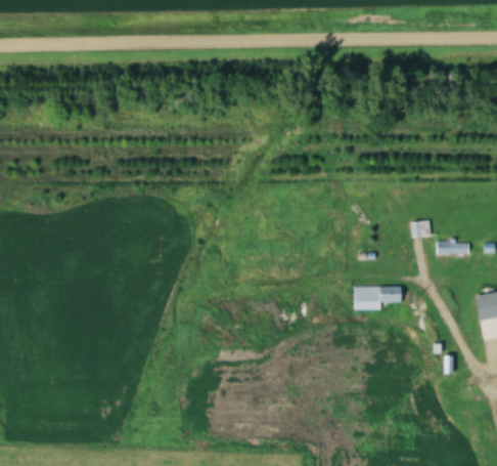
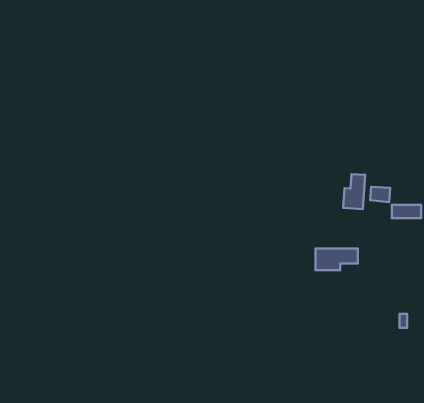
building: none -> [343,174,365,209]

